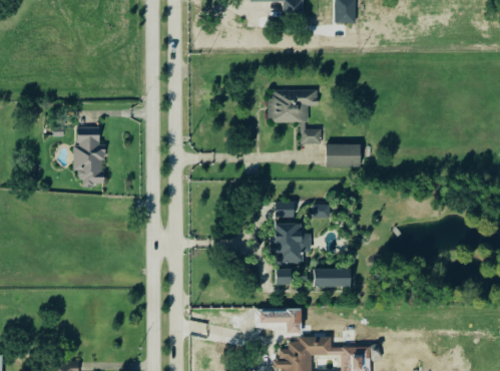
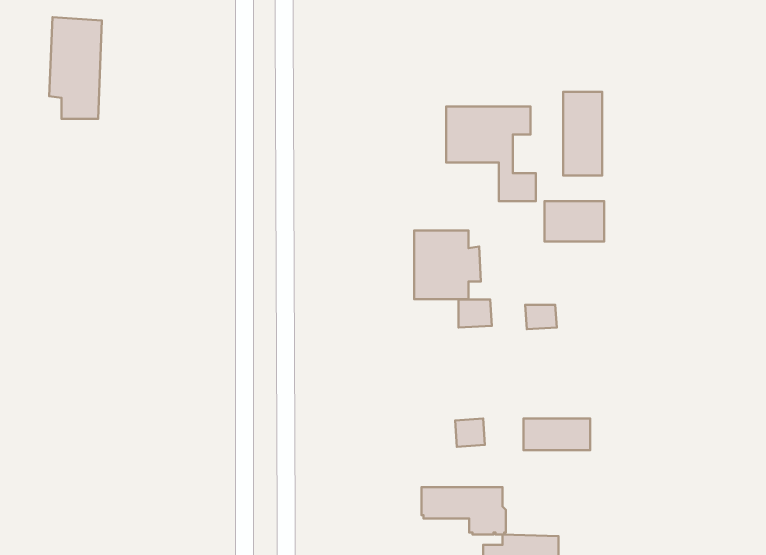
building: none -> [563,92,602,175]
building: [72,126,102,184] -> [49,17,102,119]
building: [272,224,310,263] -> [414,231,481,299]

